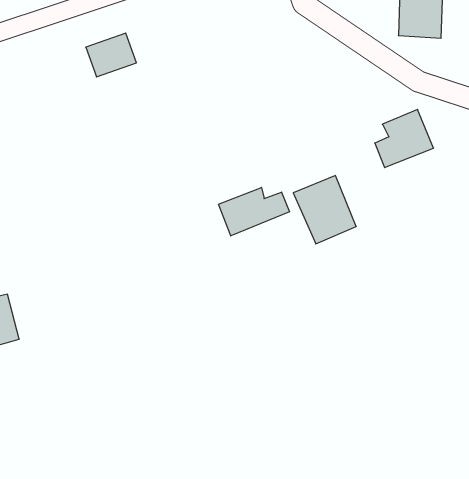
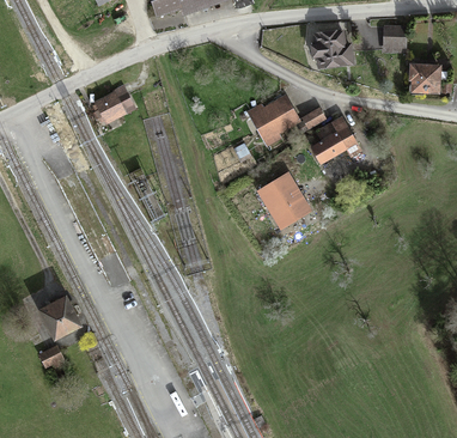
building: none -> [250,96,298,142]
building: [219,187,290,236] -> none

